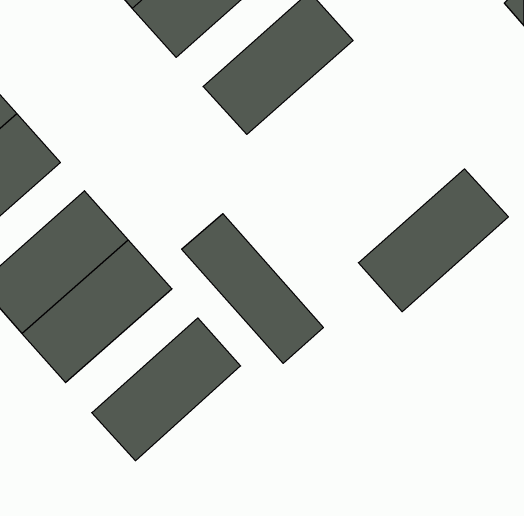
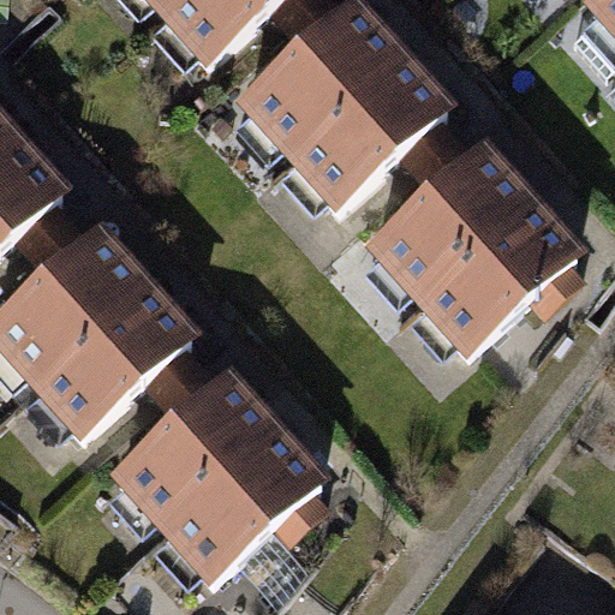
building: none -> [285,47,456,211]
building: none -> [364,138,536,303]
building: [182,214,323,363] -> none
building: none -> [156,422,328,585]

